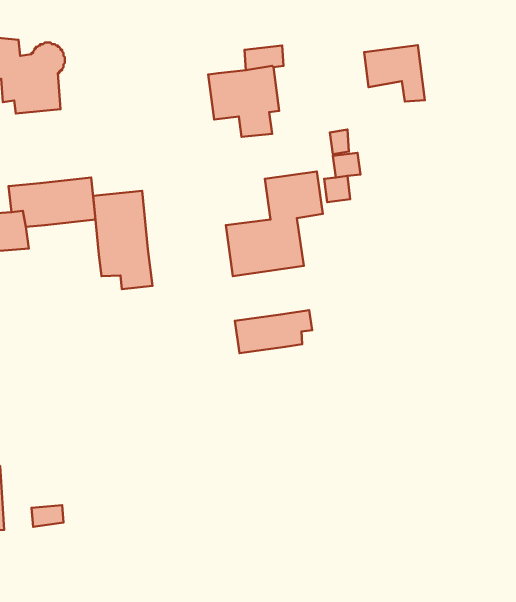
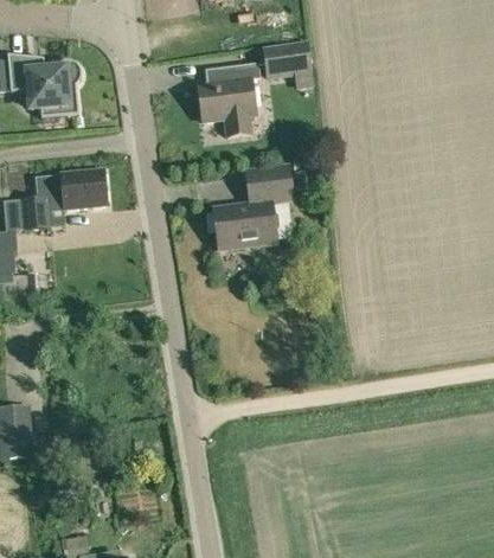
building: [364,45,425,102] -> [262,43,312,89]
building: [93,191,152,289] -> none
building: [235,310,312,353] -> none

